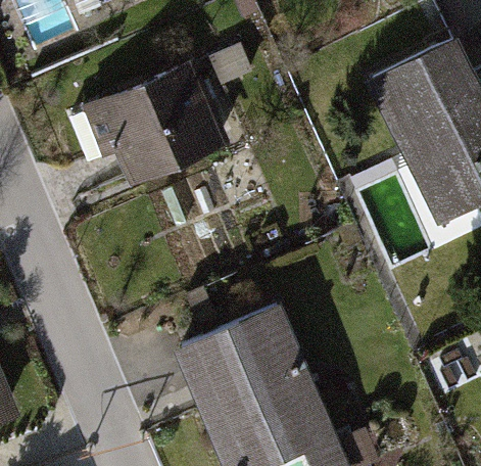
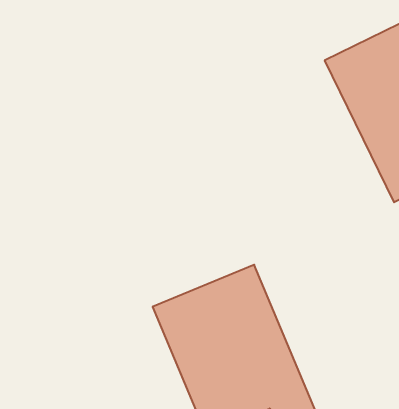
building: [71,60,238,182] -> none

